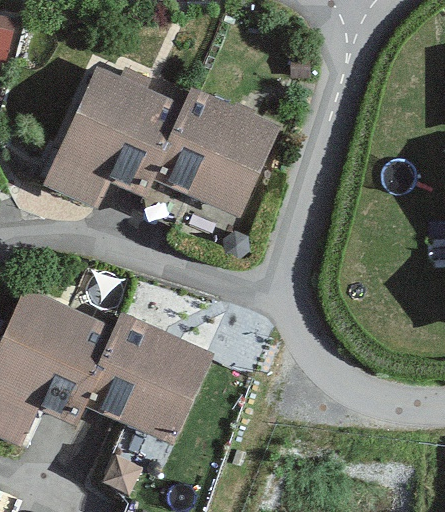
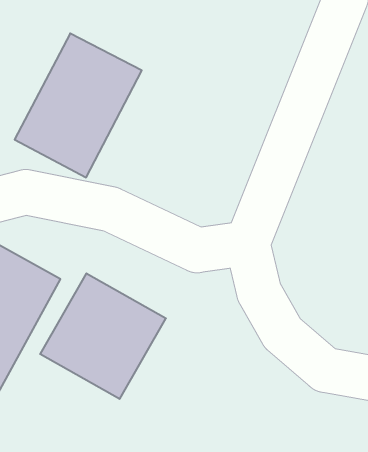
building: [150,85,284,218] -> none

